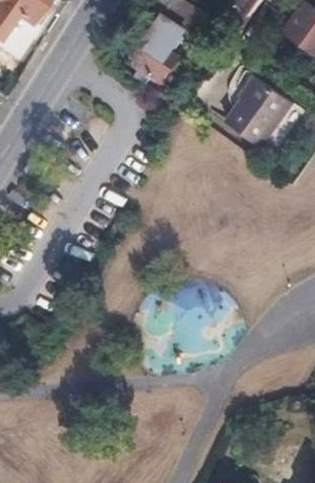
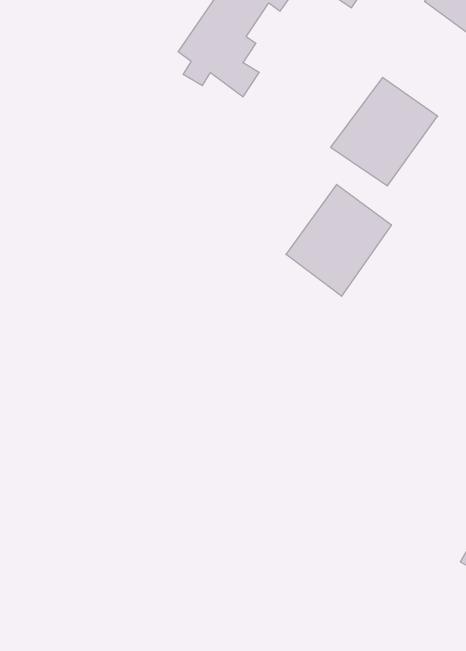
building: none -> [286,184,391,296]

